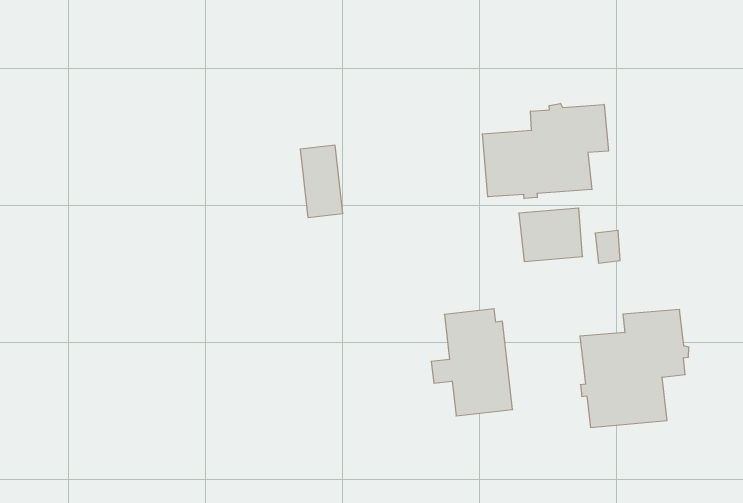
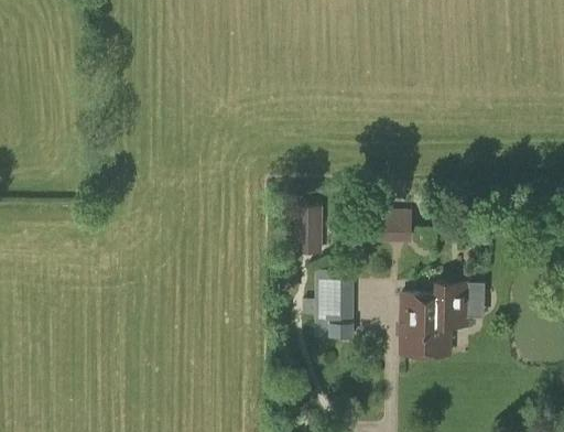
building: [483,103,609,199] -> none
building: [300,145,343,217] -> [297,207,321,252]

